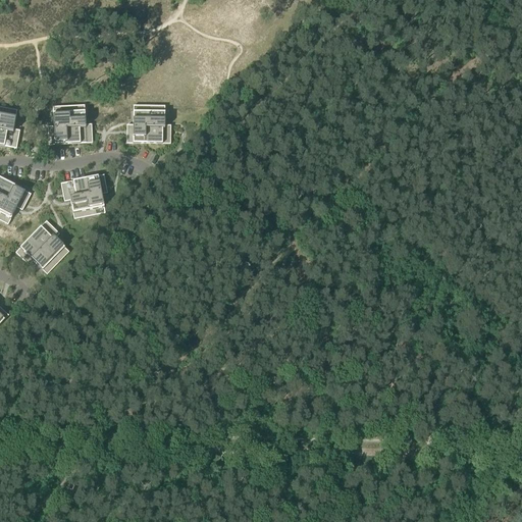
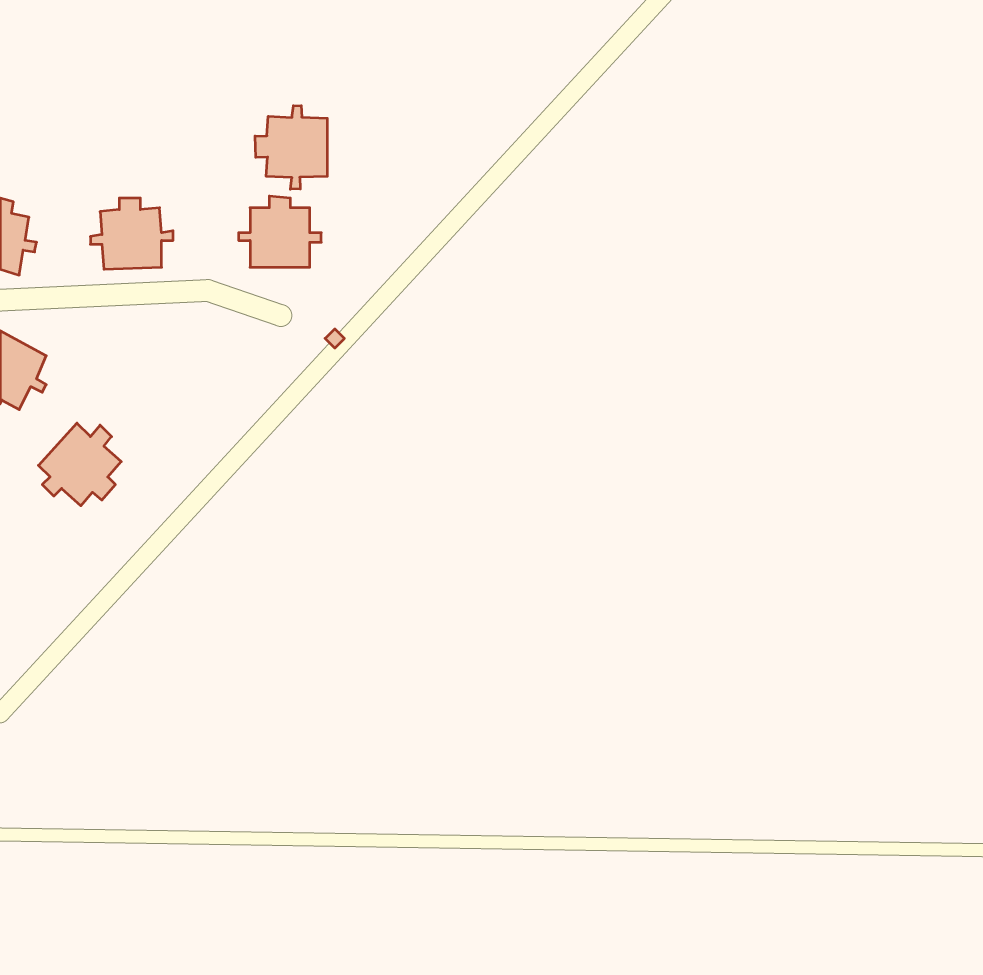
building: none -> [255,106,327,189]
building: [63,174,107,214] -> none

